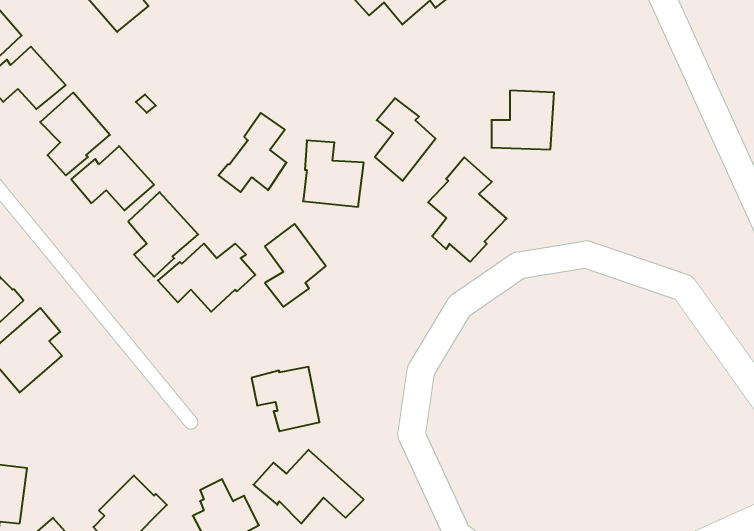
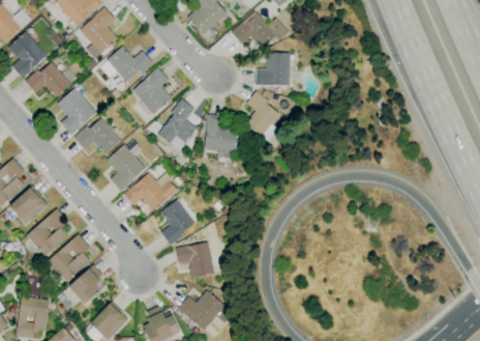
building: none -> [107,46,153,83]
building: none -> [132,67,172,115]
building: [491,91,554,149] -> [256,53,291,86]
building: [428,157,507,262] -> none
building: [265,224,326,307] -> [160,199,194,246]
building: none -> [49,234,91,282]
building: none -> [69,264,106,305]

